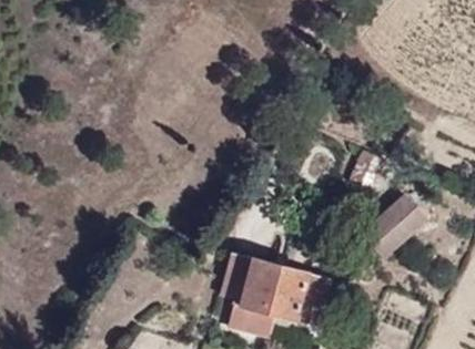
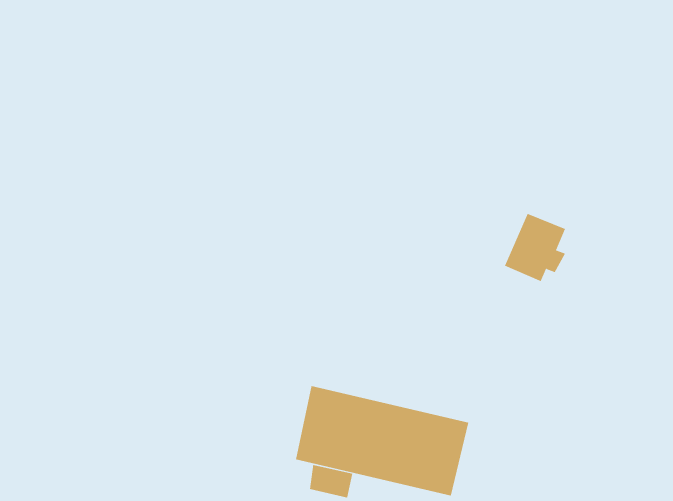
building: [364,189,433,255] -> none

